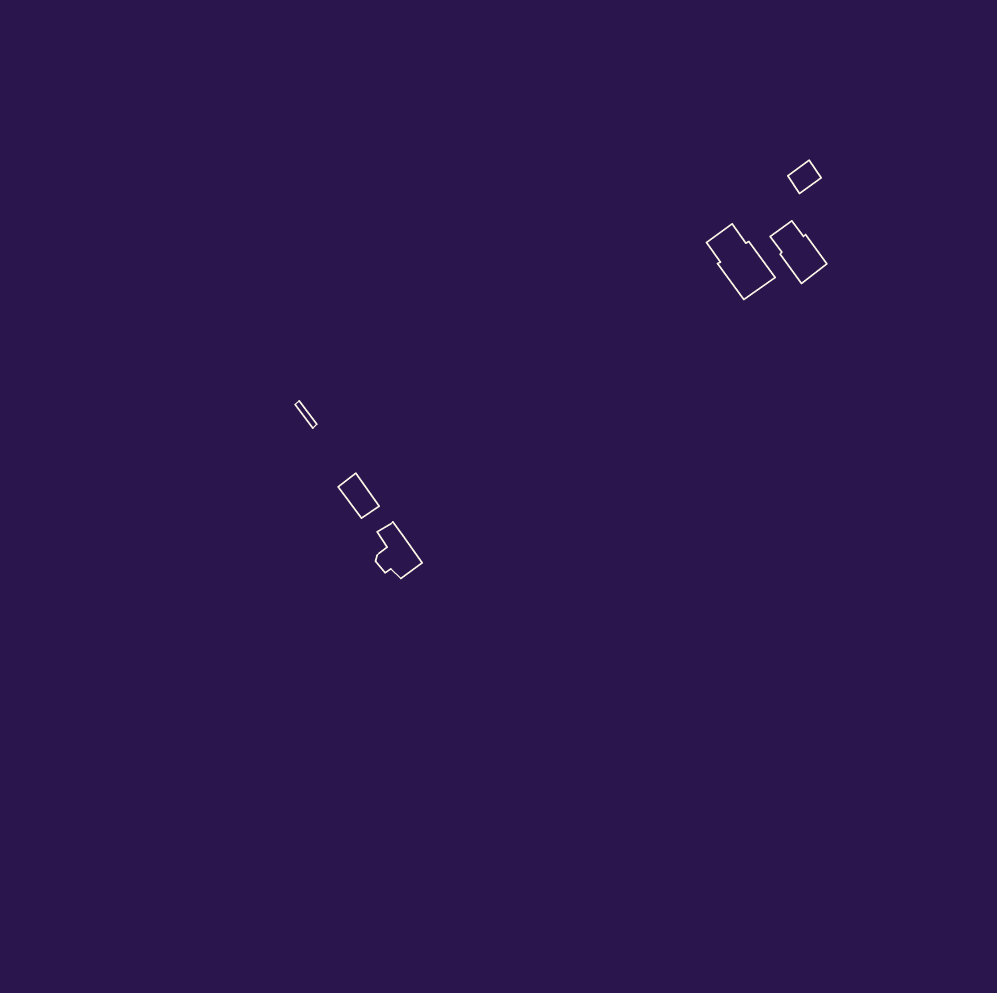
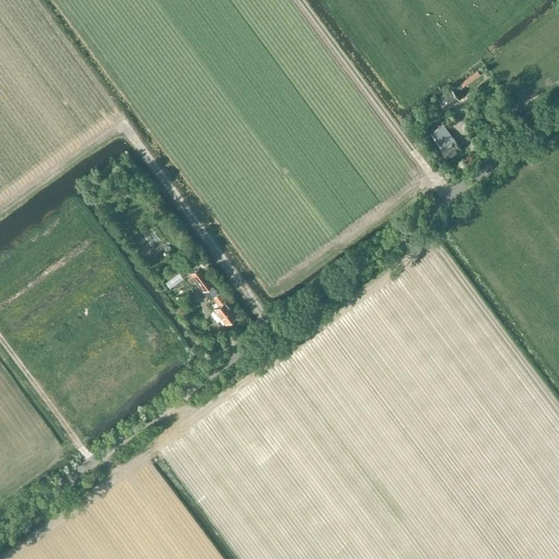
building: [706,224,775,300] -> none

